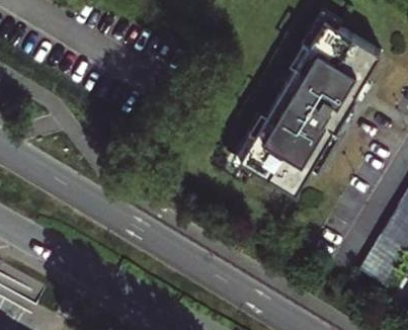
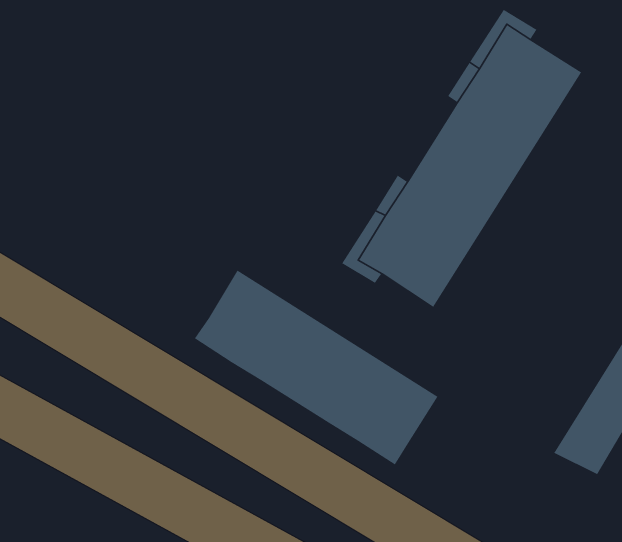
building: none -> [194,270,438,466]

